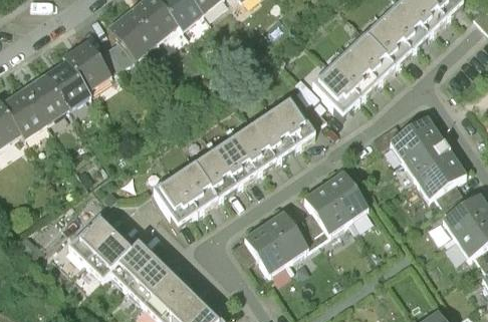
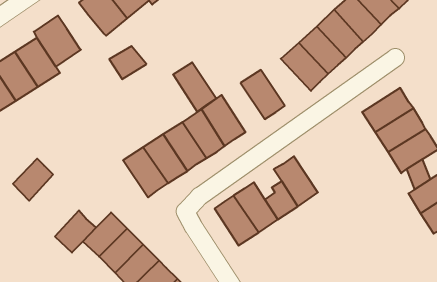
building: [96,42,134,75] -> [109,46,146,79]
building: [251,109,294,158] -> [173,62,216,112]
building: [323,170,368,219] -> none
building: [68,221,108,263] -> [13,159,53,201]

